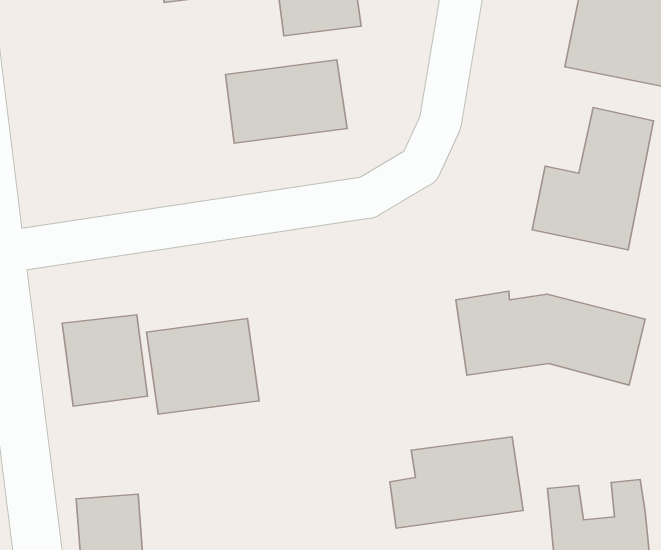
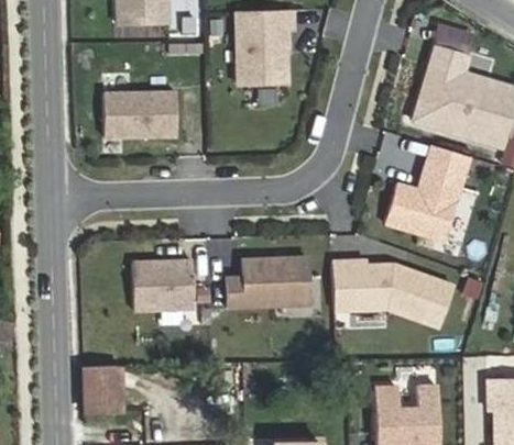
building: [226,60,347,143] -> [103,91,177,137]
building: [62,315,148,406] -> none
building: [390,437,523,528] -> [227,256,309,307]

